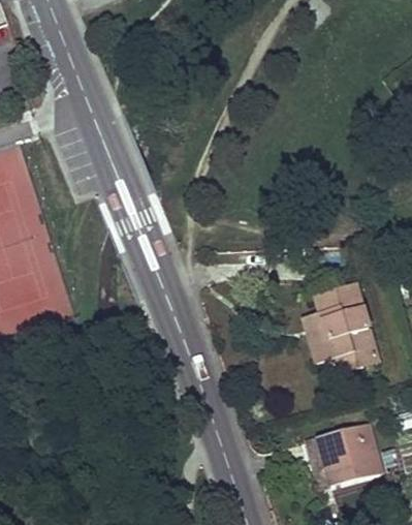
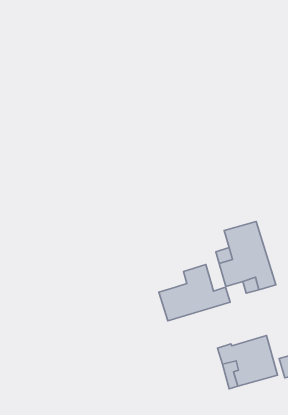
building: none -> [159,265,230,321]

